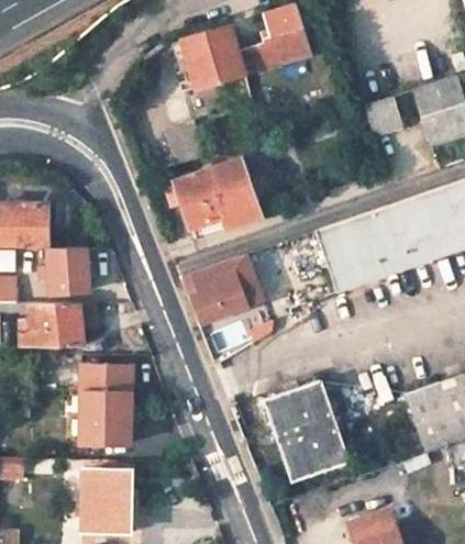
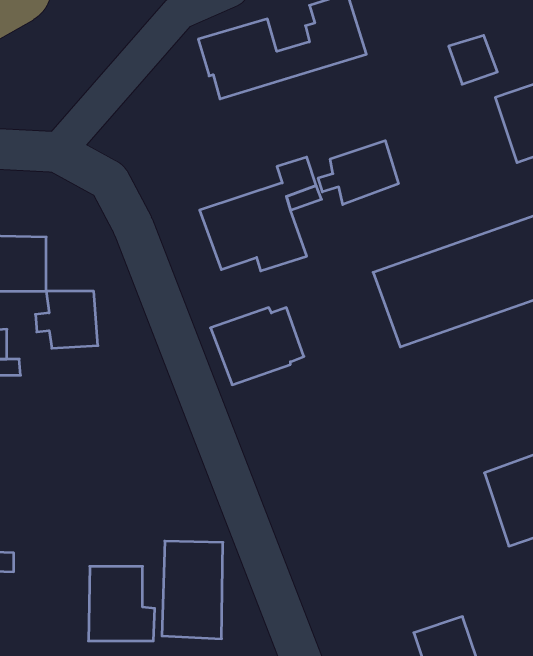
building: [363,97,402,136] -> [449,35,497,84]
building: none -> [318,141,398,205]
building: [22,302,85,345] -> none
building: [82,366,132,445] -> [162,541,223,639]
building: [263,381,350,481] -> none

